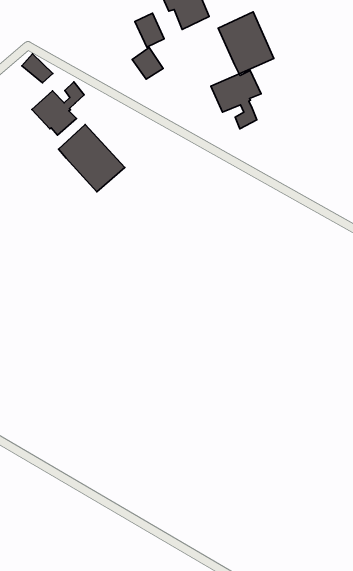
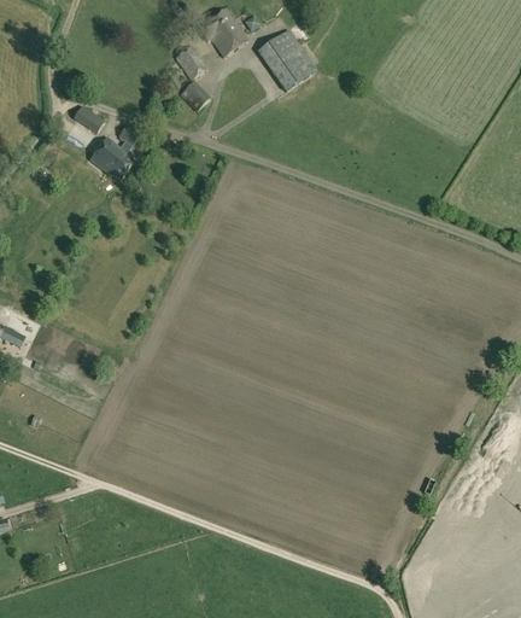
building: [211,71,261,129] -> none
building: [58,124,125,192] -> none

